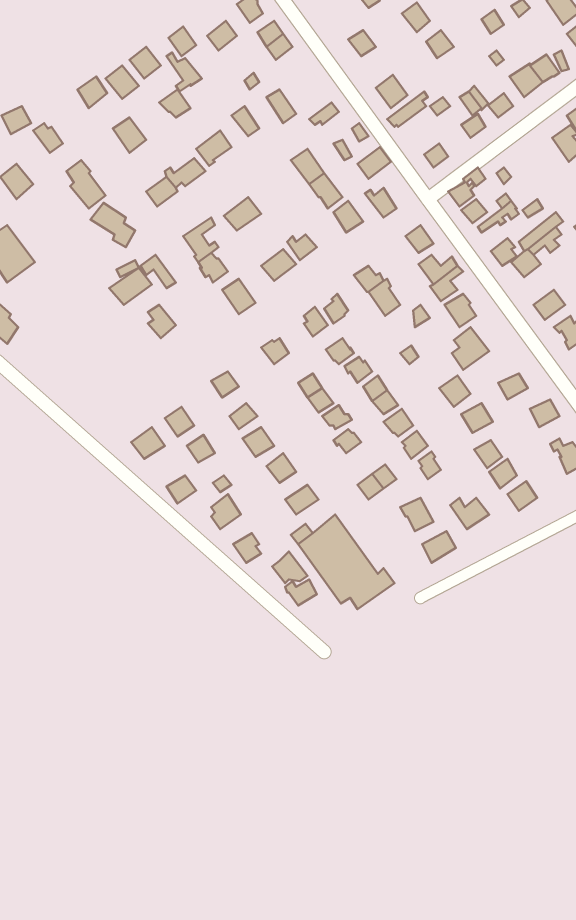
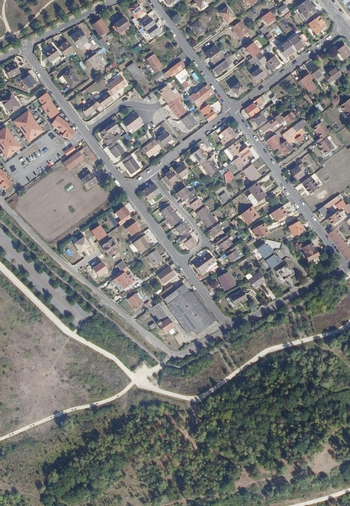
building: none -> [13,110,44,141]

